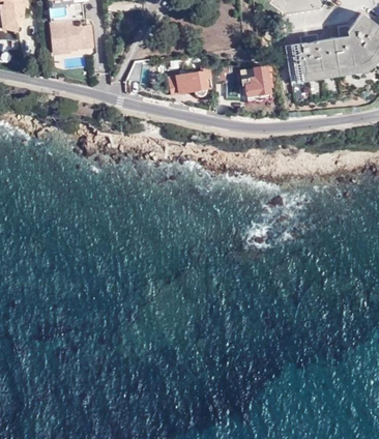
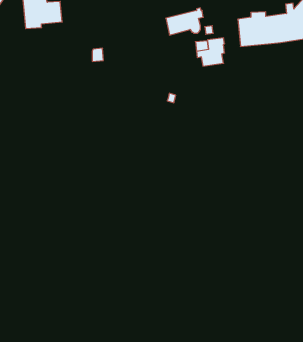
building: [170,67,211,97] -> [166,8,203,35]

